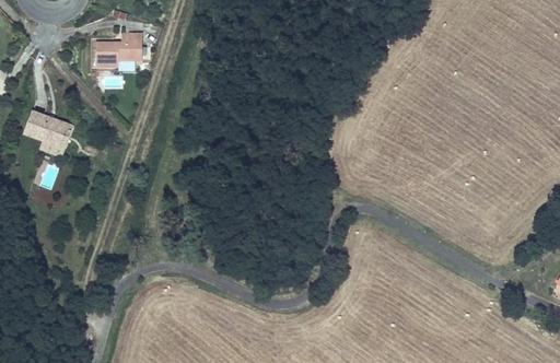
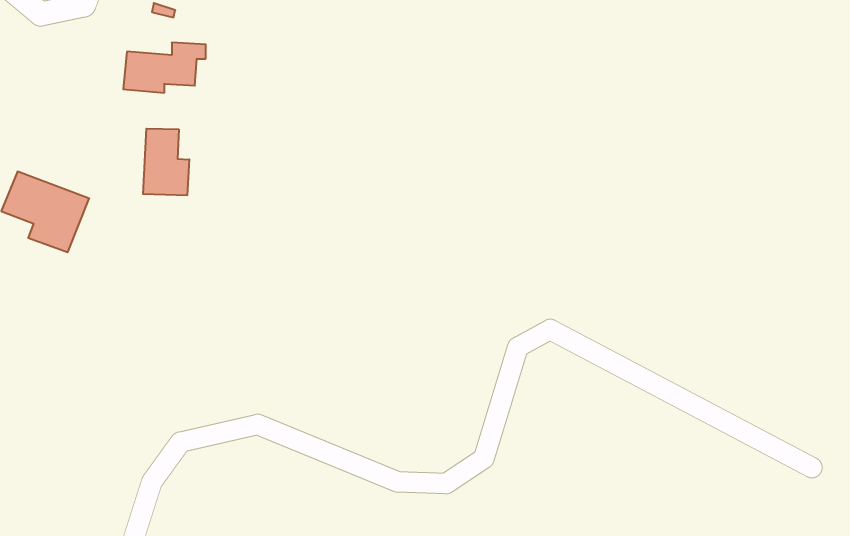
building: none -> [143,129,189,195]

